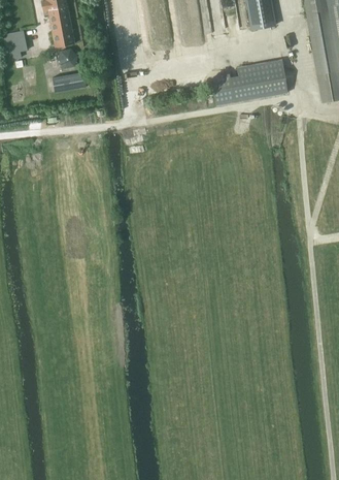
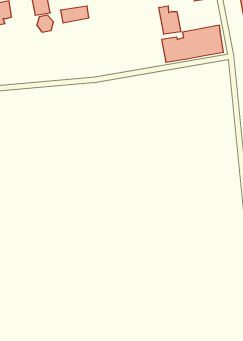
building: none -> [159,6,181,34]
building: [52,70,87,91] -> [60,6,89,23]

